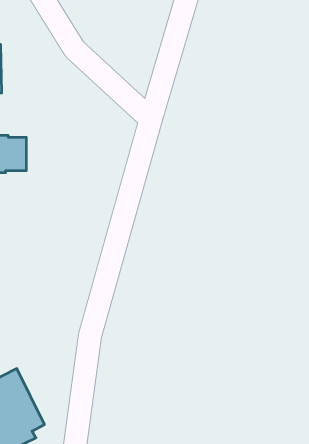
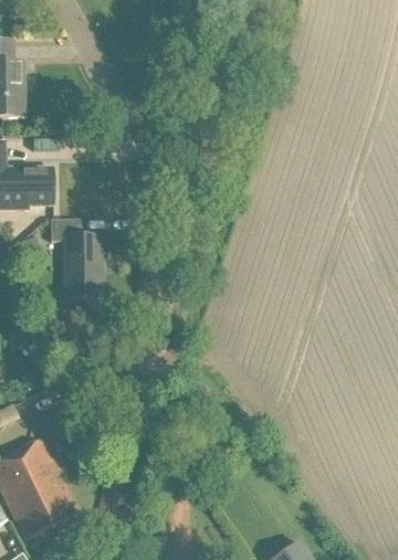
building: none -> [50,218,101,296]

